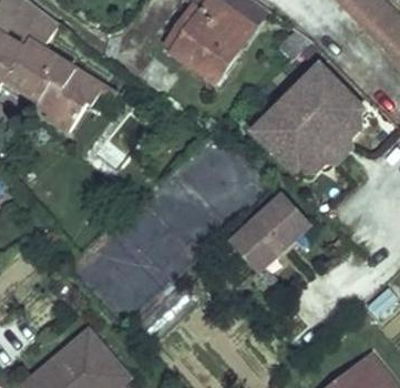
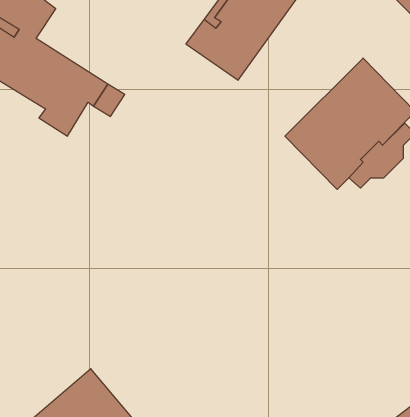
building: [228,194,308,272] -> none

